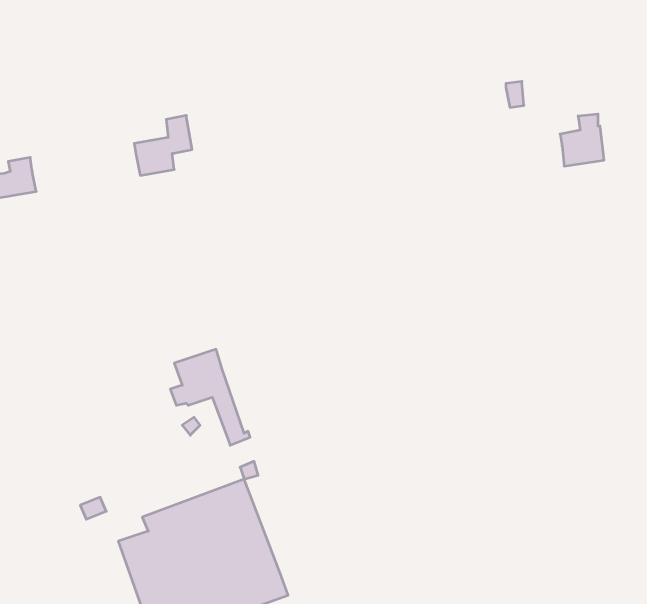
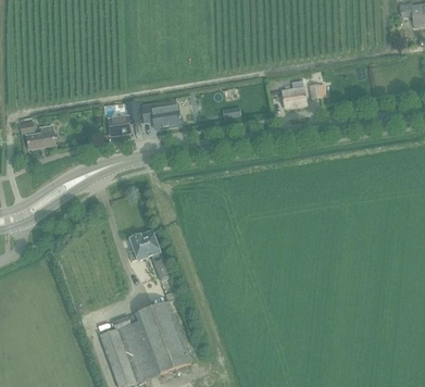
building: [560,114,604,166] -> [283,79,307,108]
building: none -> [142,103,183,128]

